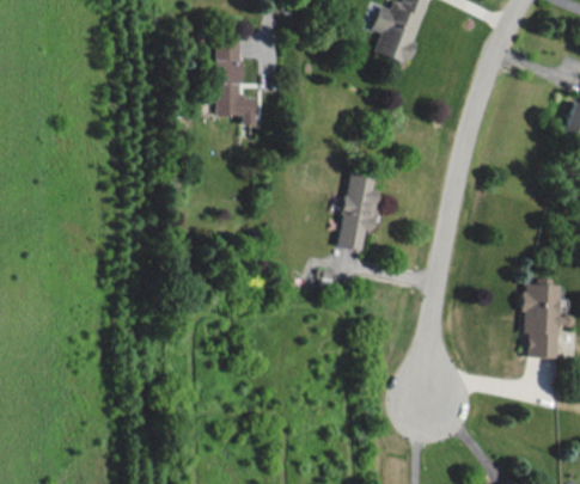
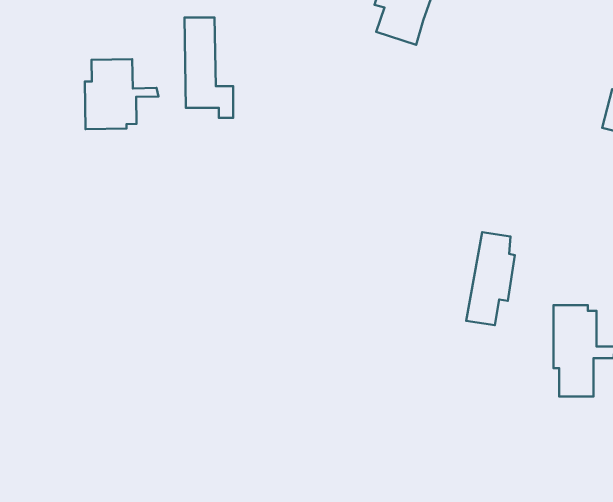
building: none -> [85,59,158,129]
building: [338,173,379,251] -> [466,232,515,325]

